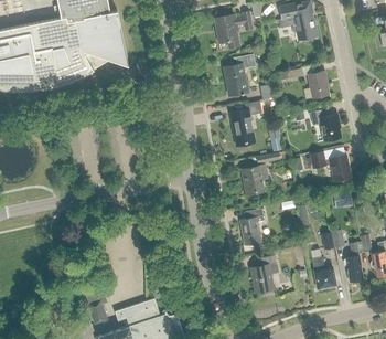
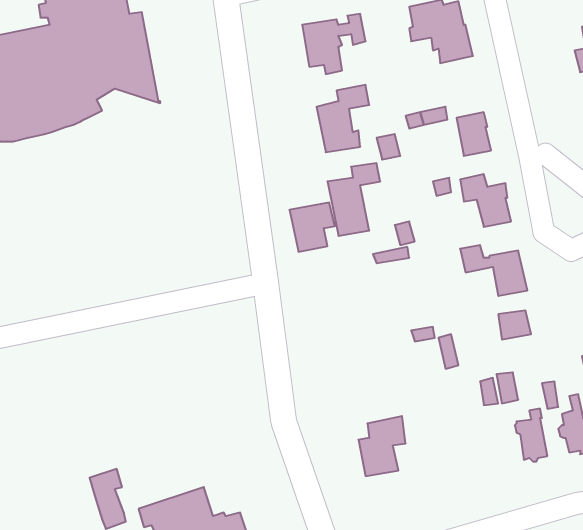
building: [240,165,268,194] -> [289,203,335,252]
building: [239,209,264,245] -> none
building: [312,257,335,289] -> none

